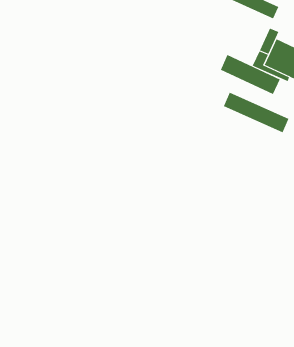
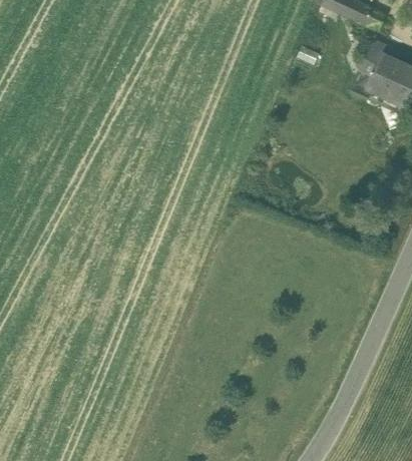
building: [220,54,280,95] -> none
building: [223,92,289,133] -> none

